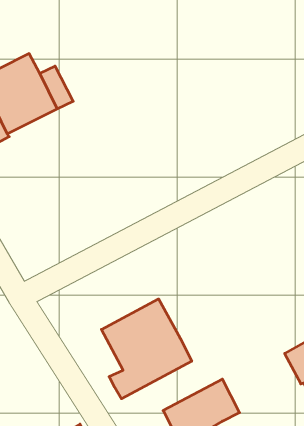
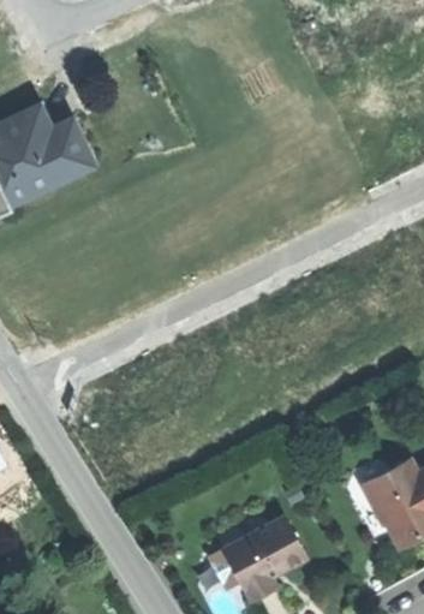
building: [101,299,192,399] -> none

